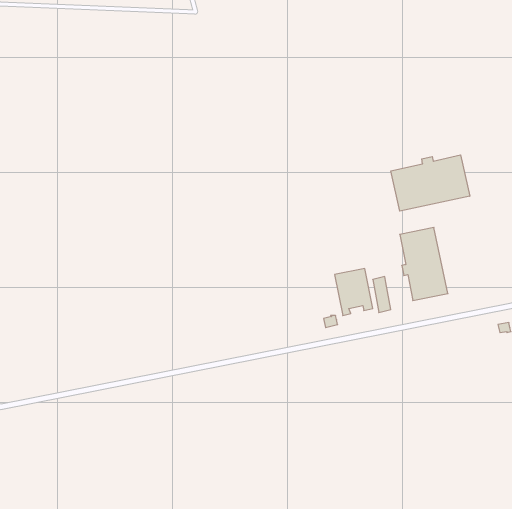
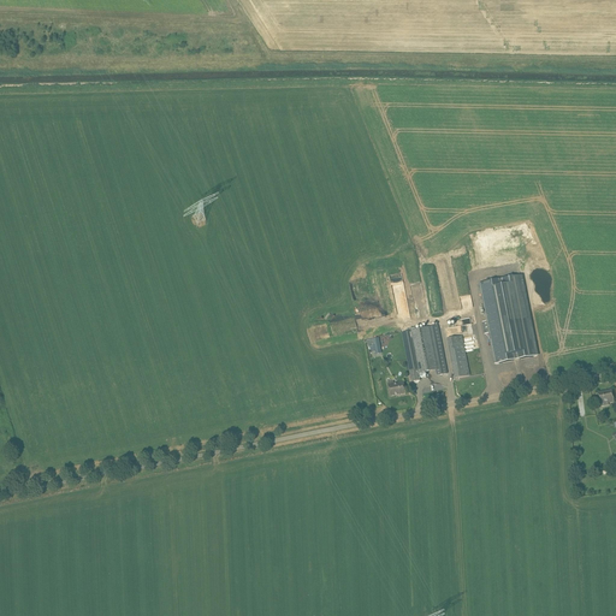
building: [391,155,470,211] -> none

